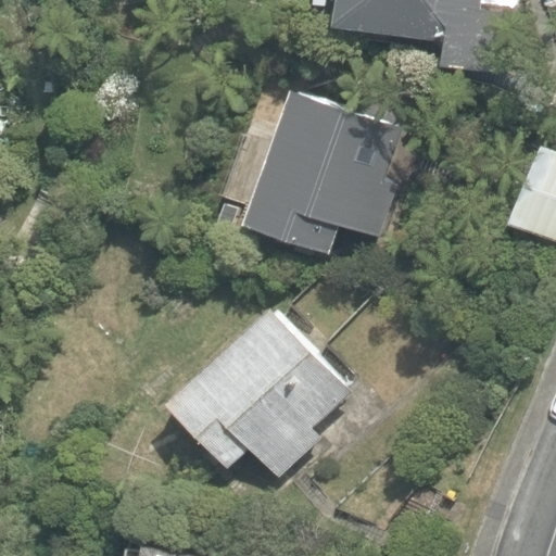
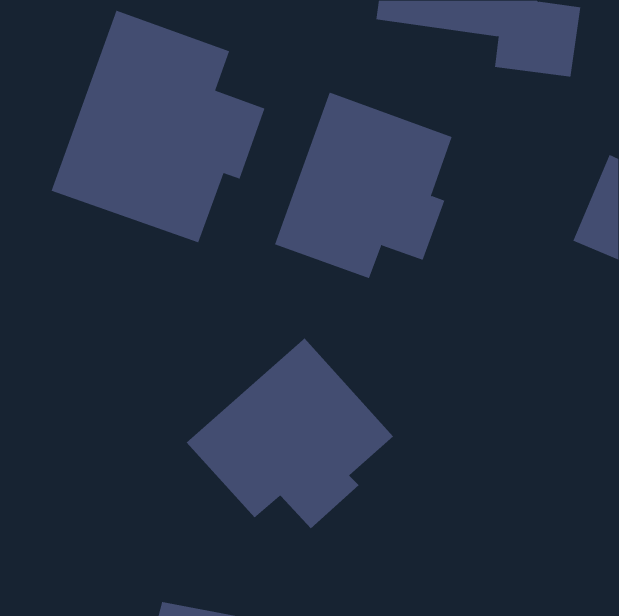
building: none -> [51,10,265,243]

